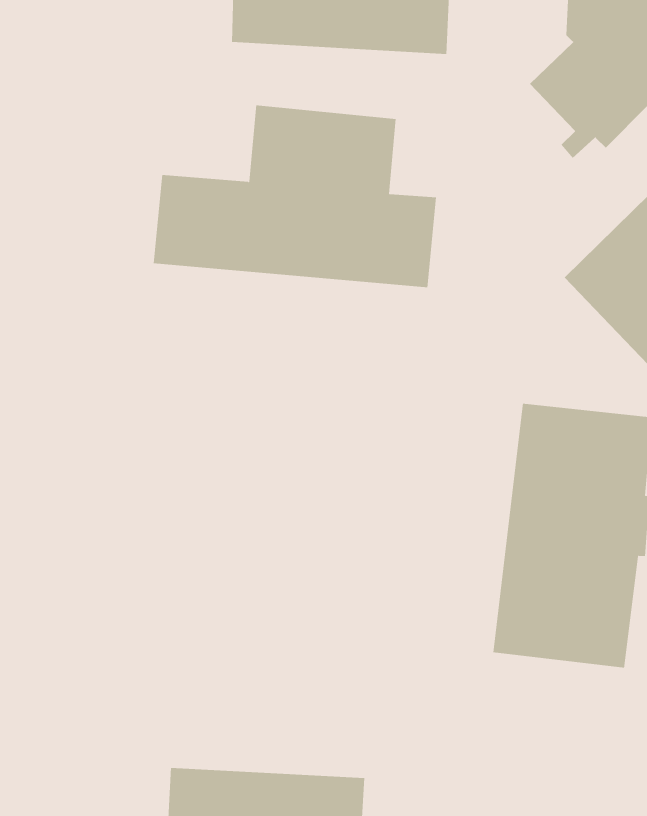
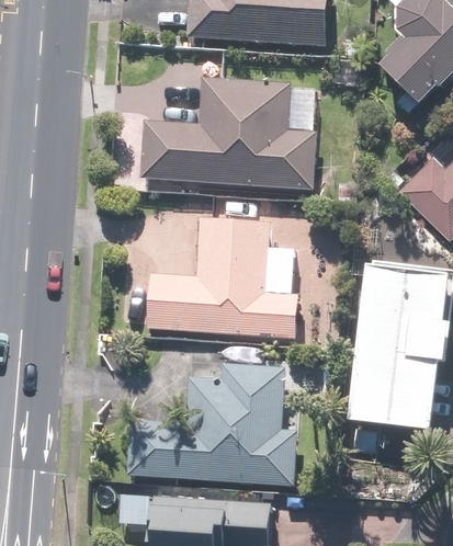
building: none -> [120,218,297,339]
building: none -> [127,365,297,486]

